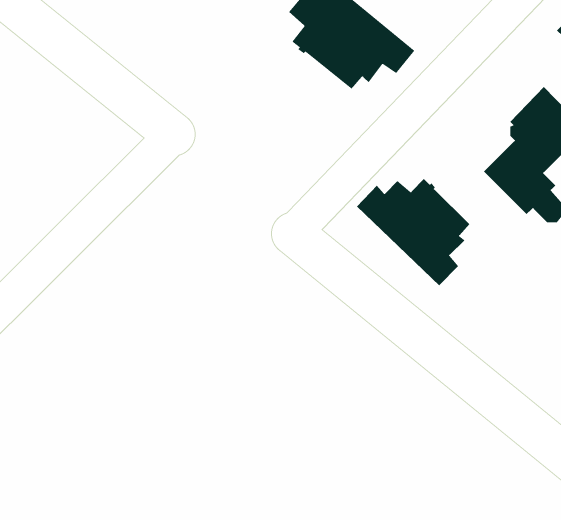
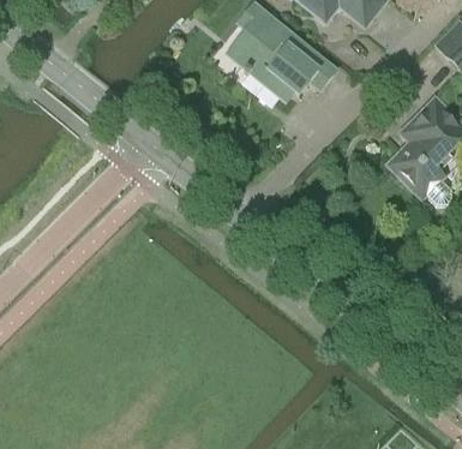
building: [356,178,470,286] -> none

